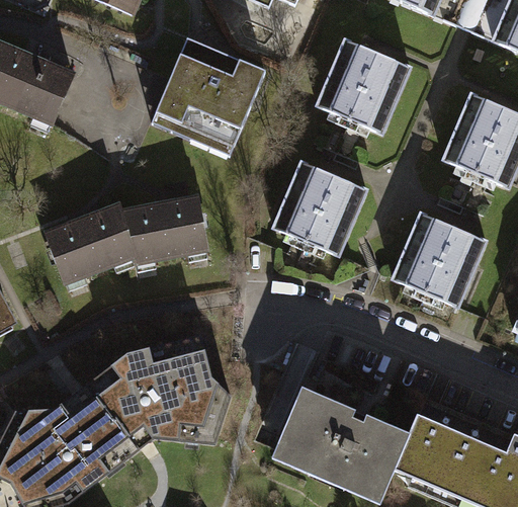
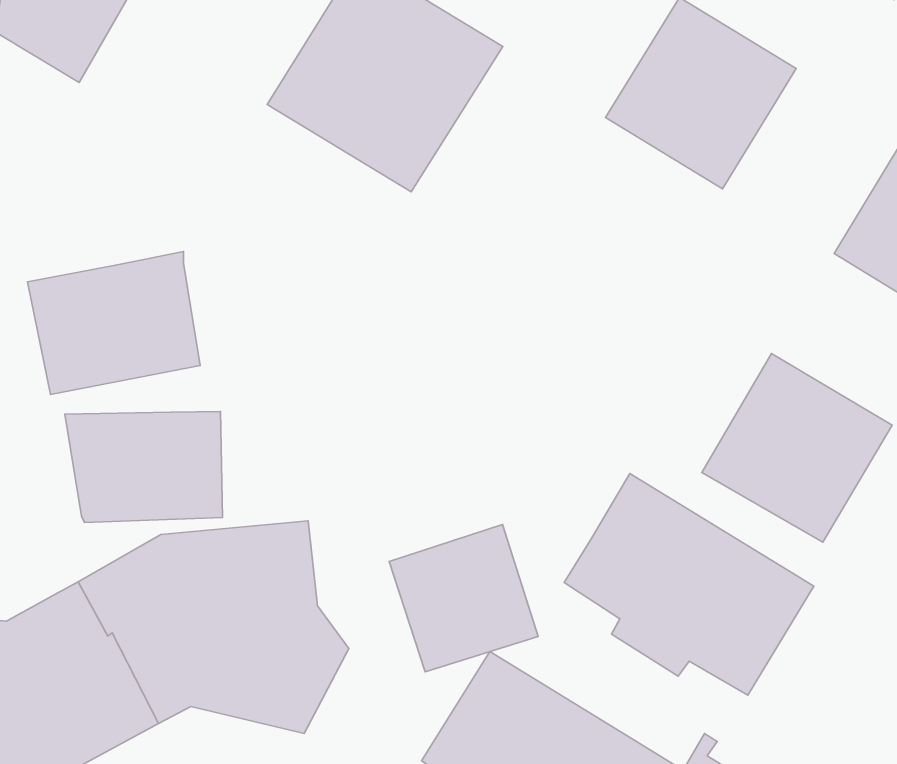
building: [275,163,369,255] -> none
building: [116,198,204,265] -> [65,412,223,523]
building: none -> [564,473,814,695]
building: none -> [389,524,538,672]

